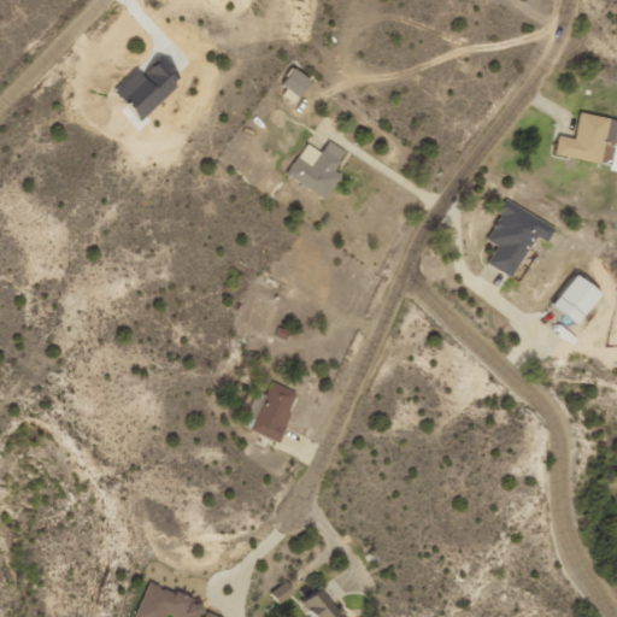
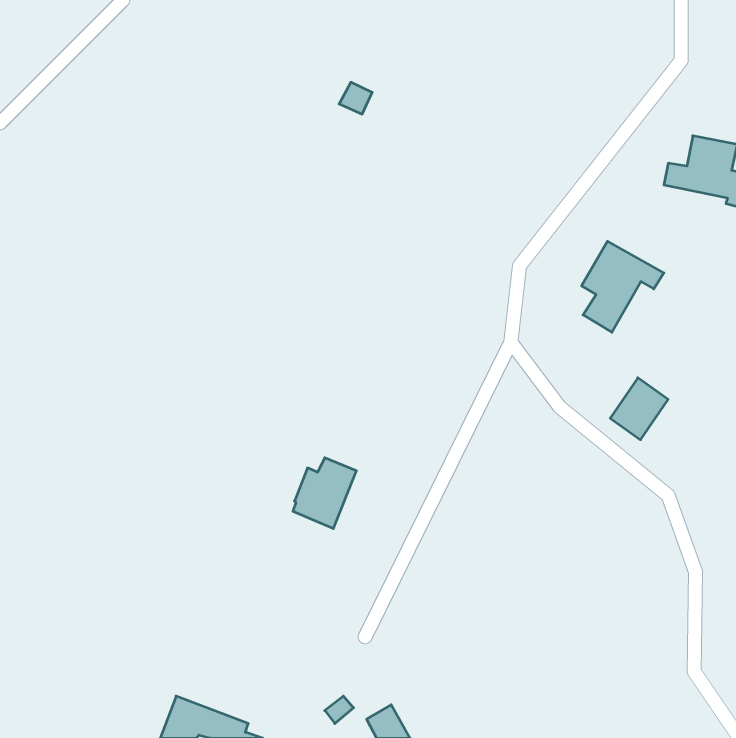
building: [117,57,186,119] -> none
building: [288,141,348,199] -> none
building: [554,272,603,324] -> [610,378,668,440]

